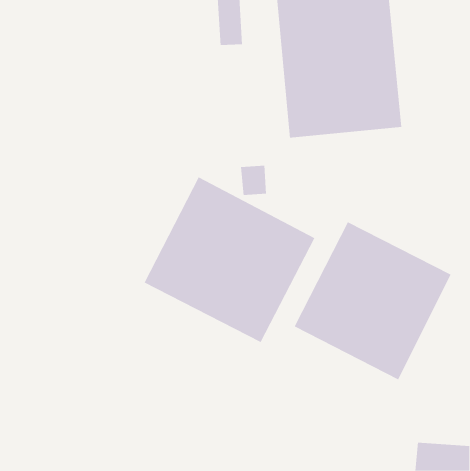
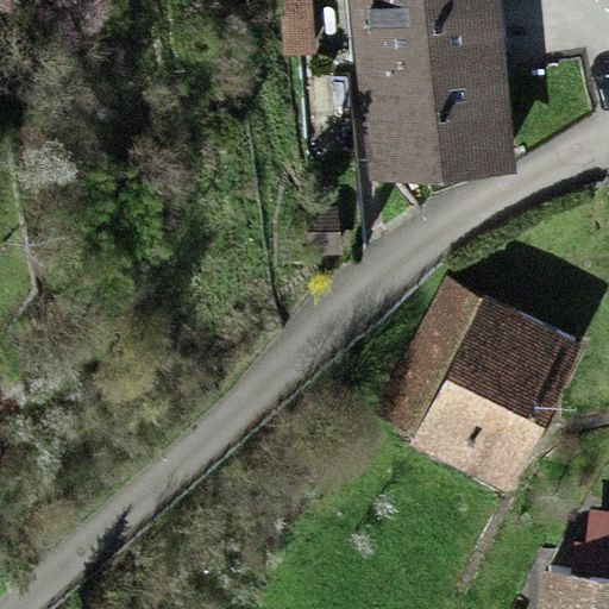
building: [144,176,315,343] -> none

